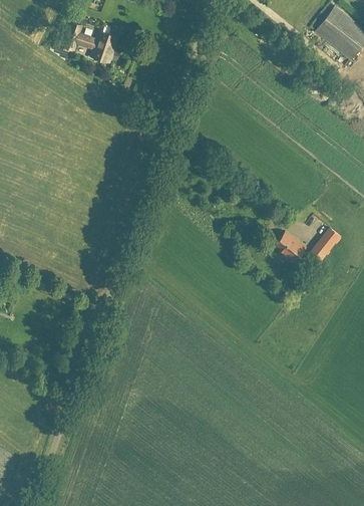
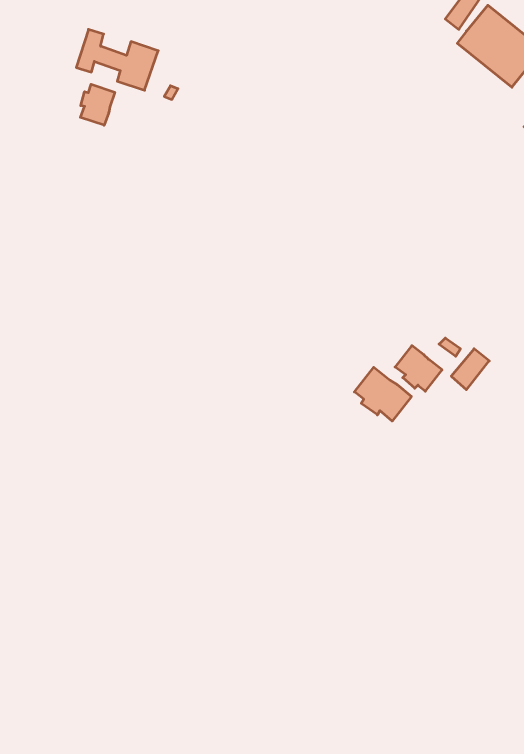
building: none -> [80,84,115,125]
building: none -> [354,367,411,421]

